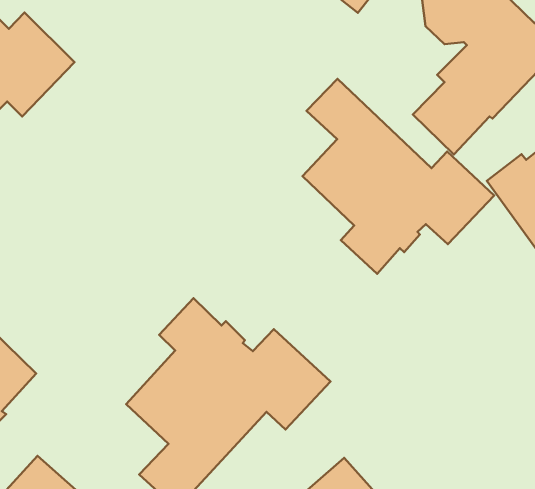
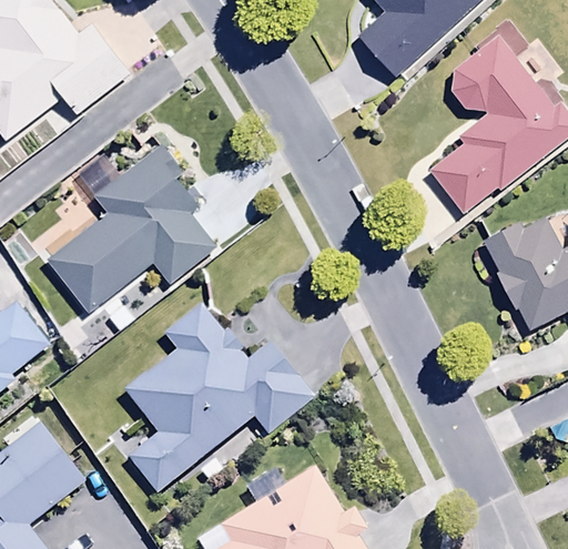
building: [303,79,494,274] -> none
building: none -> [45,146,215,314]

